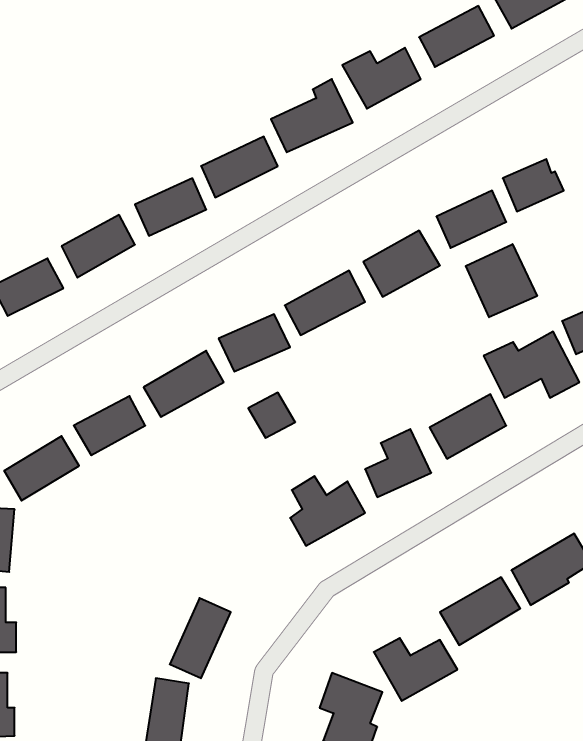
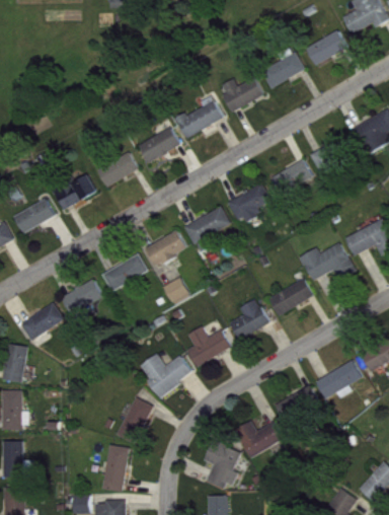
building: [466,244,537,317] -> none
building: none -> [139,353,191,397]

